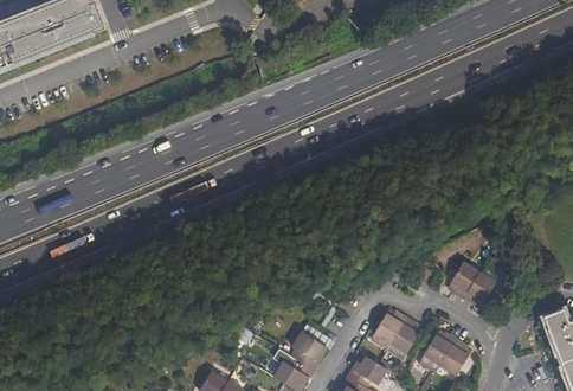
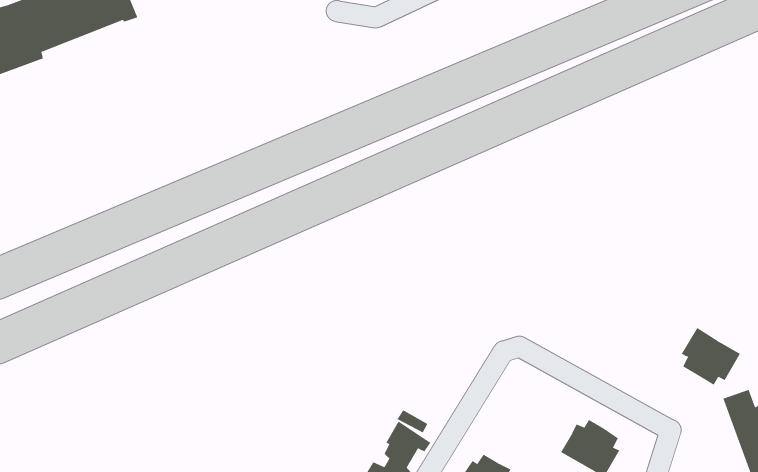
building: [451,261,496,305] -> [681,327,741,385]
building: [374,310,419,353] -> none

